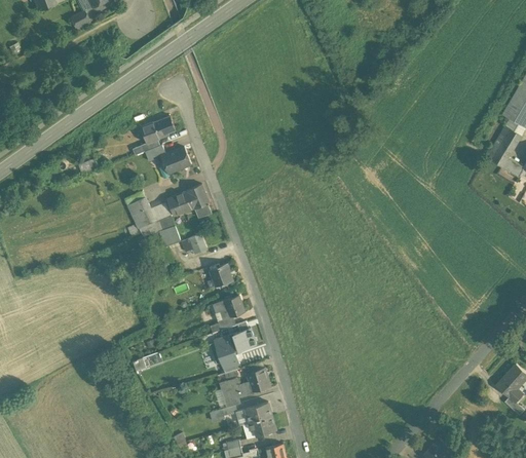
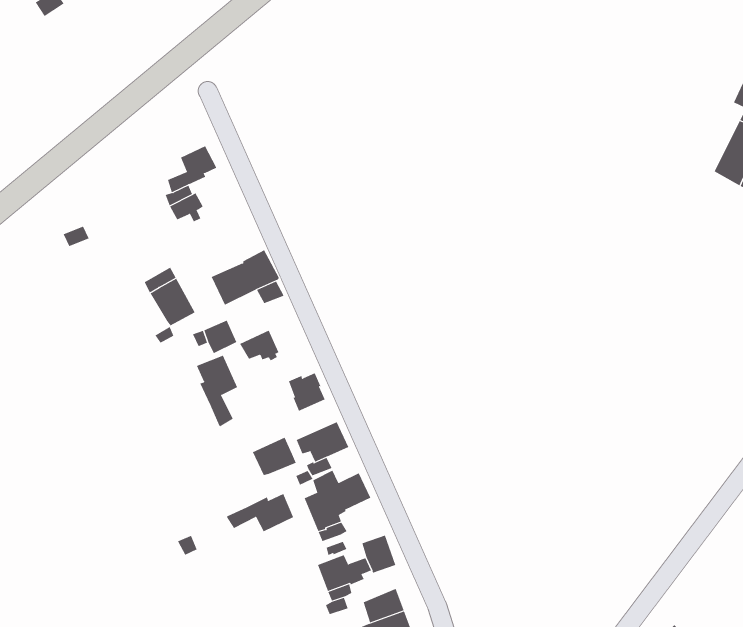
building: [161,147,190,174] -> none
building: none -> [196,355,238,427]
building: none -> [252,437,296,476]
building: none -> [226,493,294,532]

